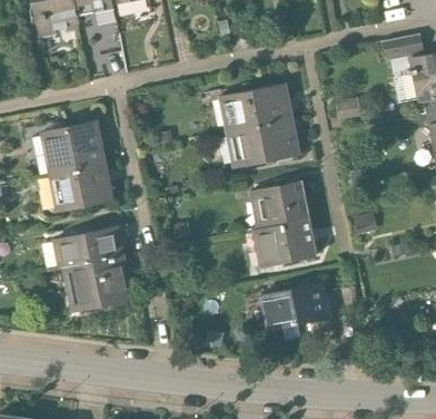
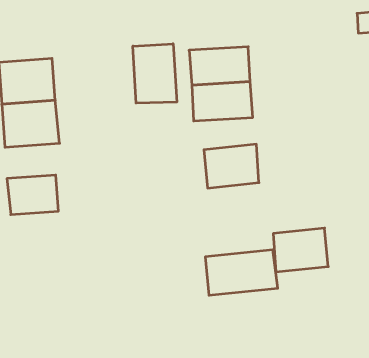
building: none -> [133,44,177,103]
building: [257,217,314,265] -> [273,228,328,272]
building: [70,267,122,312] -> none

